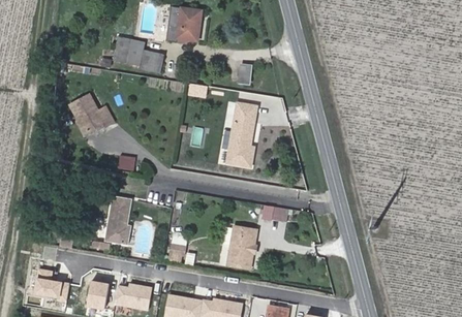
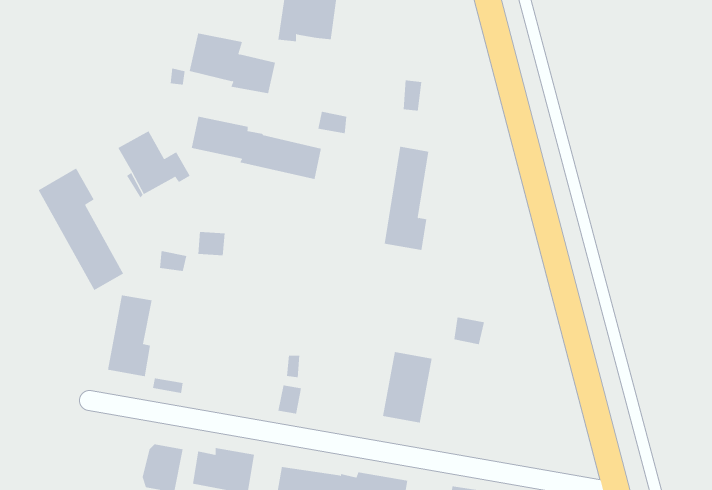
building: none -> [191,116,321,180]
building: none -> [38,167,124,291]
building: [105,196,132,245] -> [107,295,152,377]
building: [32,268,69,303] -> none

